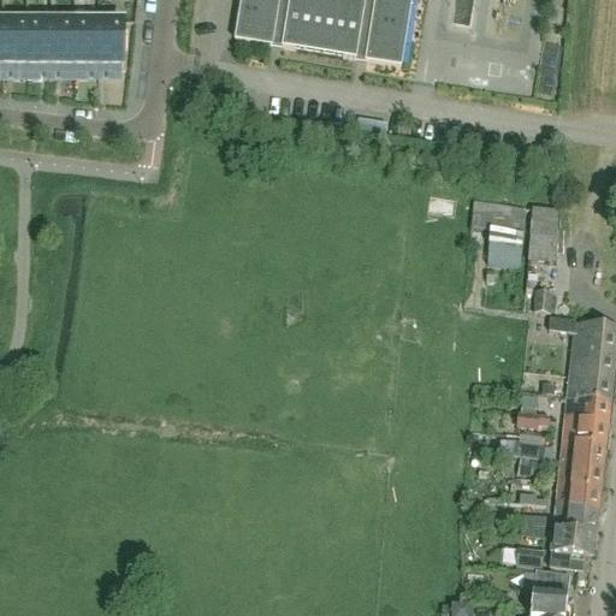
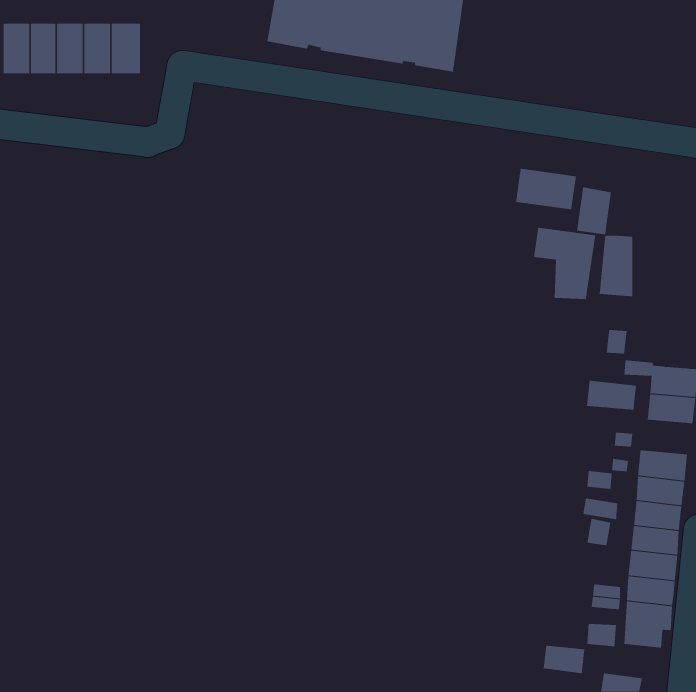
building: none -> [515,168,576,210]
building: none -> [577,186,611,235]
building: [565,373,610,399] -> [586,380,637,410]
building: [533,571,570,597] -> [543,645,585,674]

